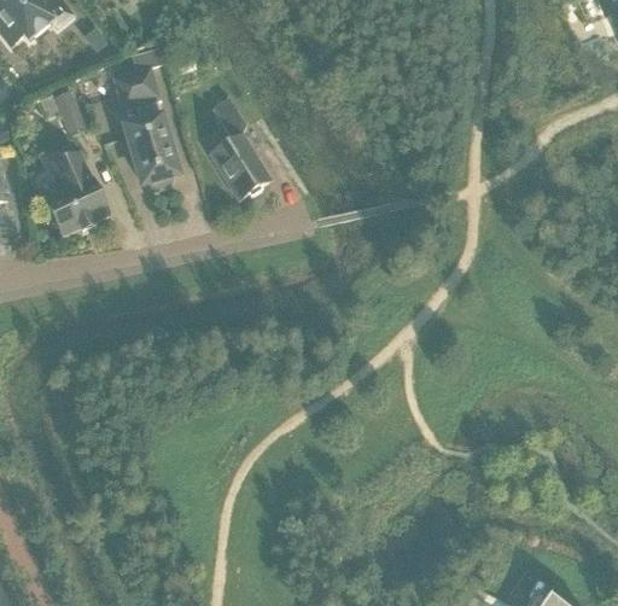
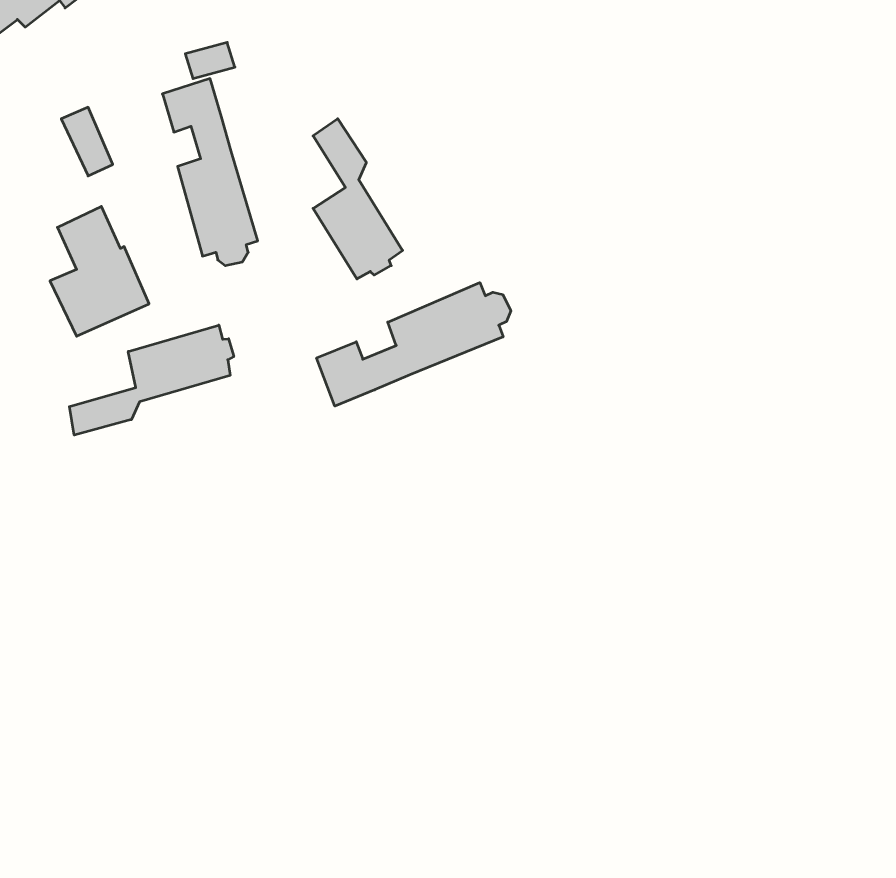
building: none -> [317,283,511,406]
building: none -> [69,325,234,435]

